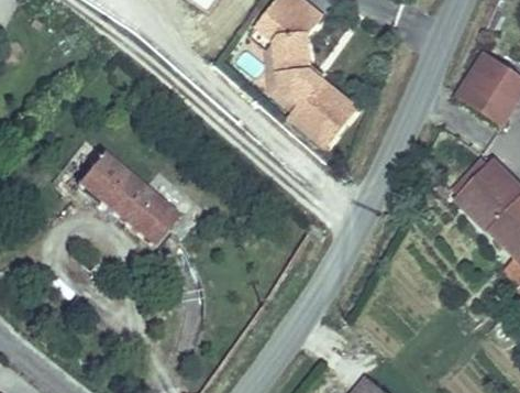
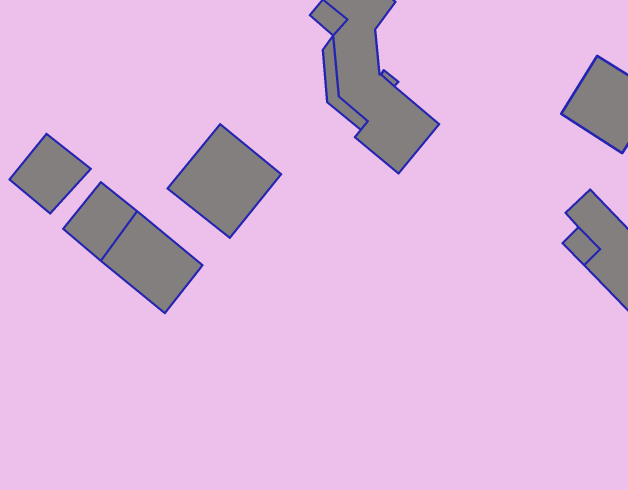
building: none -> [168,124,281,238]
building: none -> [9,134,91,213]

